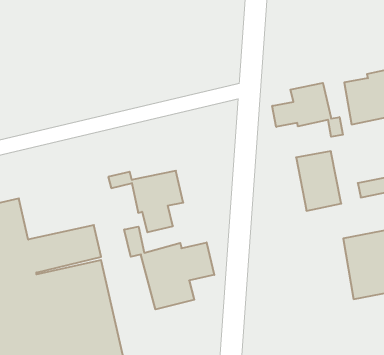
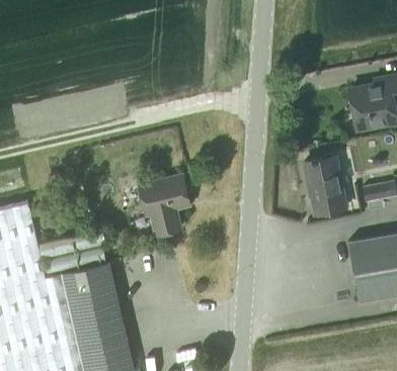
building: [272,83,343,137] -> none
building: [124,227,214,309] -> none

